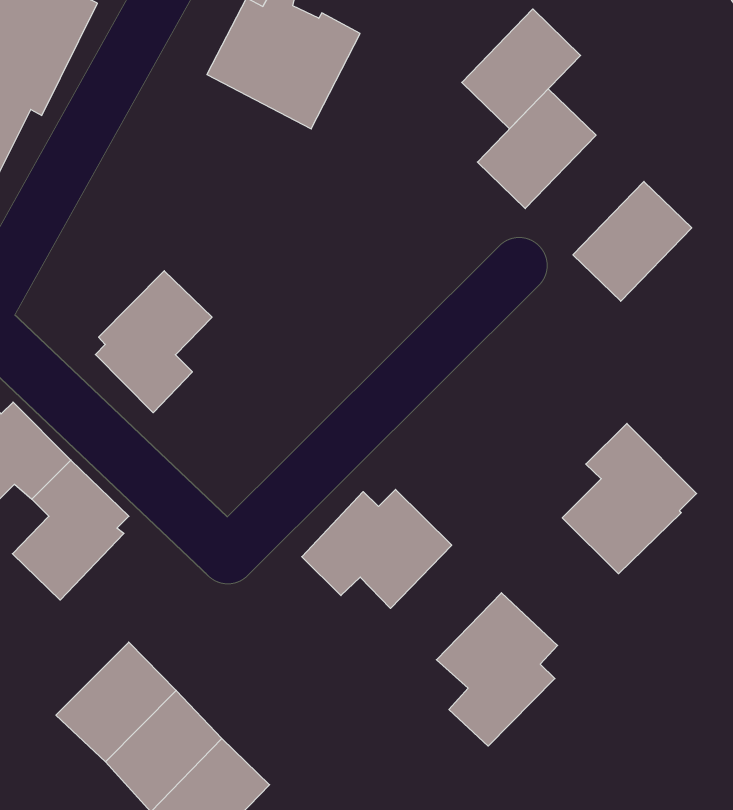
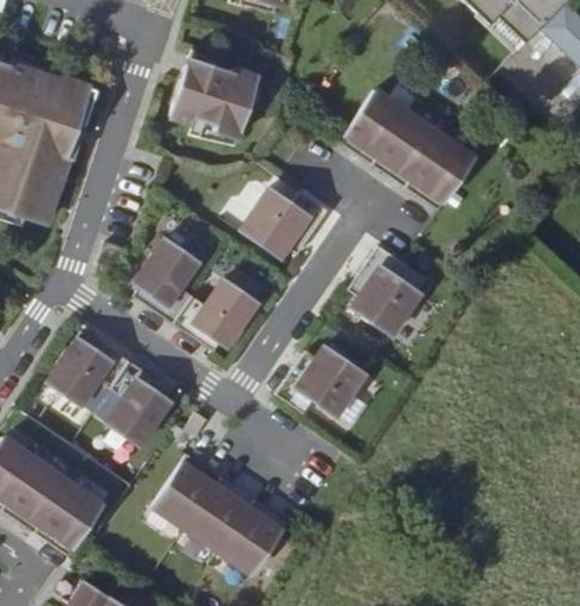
building: [462,9,581,129] -> [374,111,442,185]
building: none -> [241,186,329,257]
building: none -> [175,276,257,348]
building: [562,423,697,574] -> [352,243,428,333]
building: [436,593,558,746] -> none

